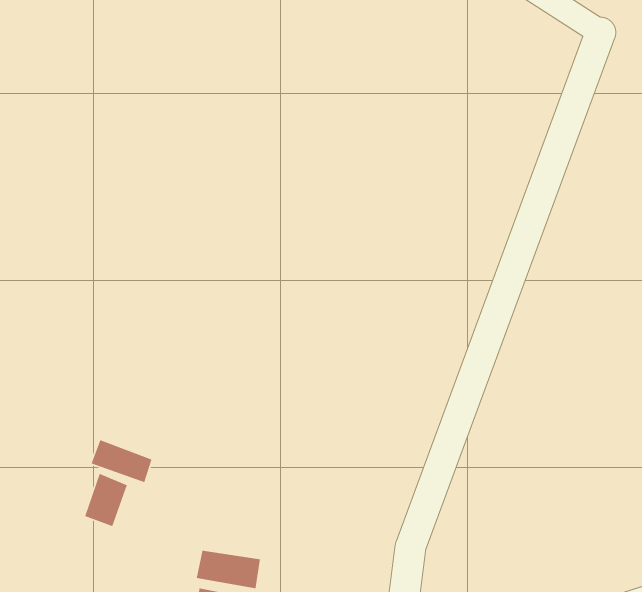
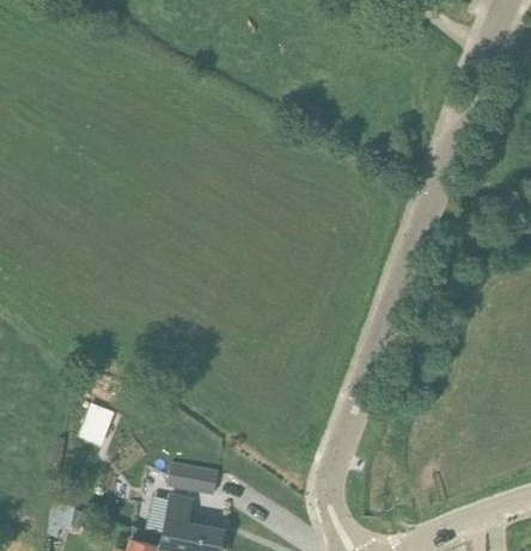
building: [90,439,152,483] -> none

